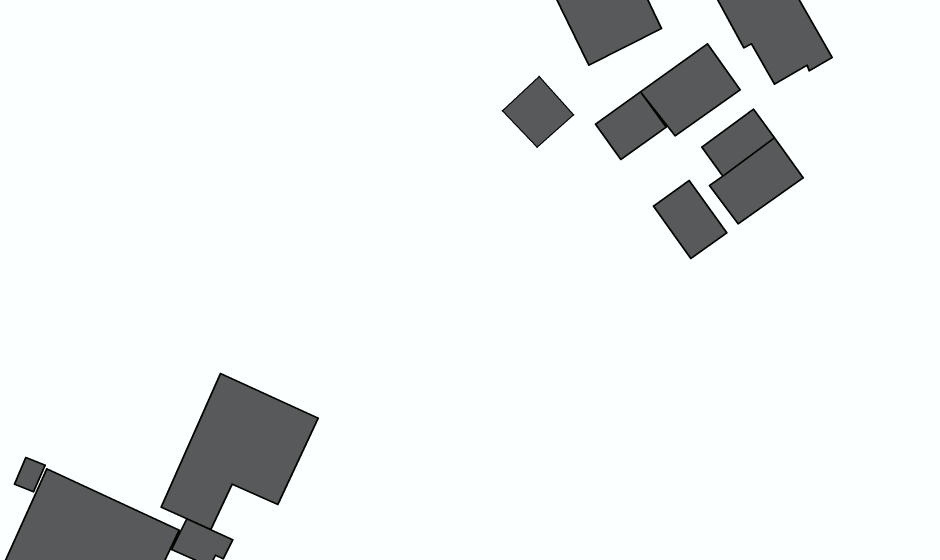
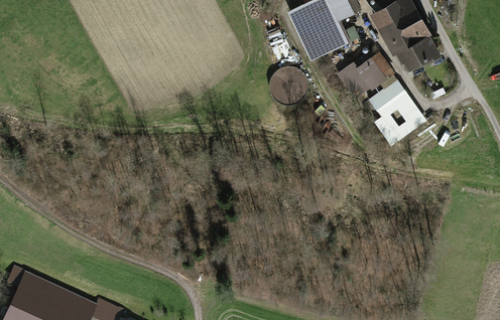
building: [595,92,666,160] -> none
building: [653,180,727,259] -> none
building: [161,374,318,530] -> none

